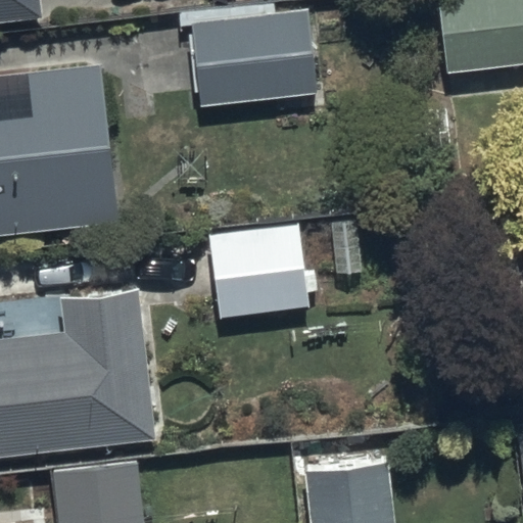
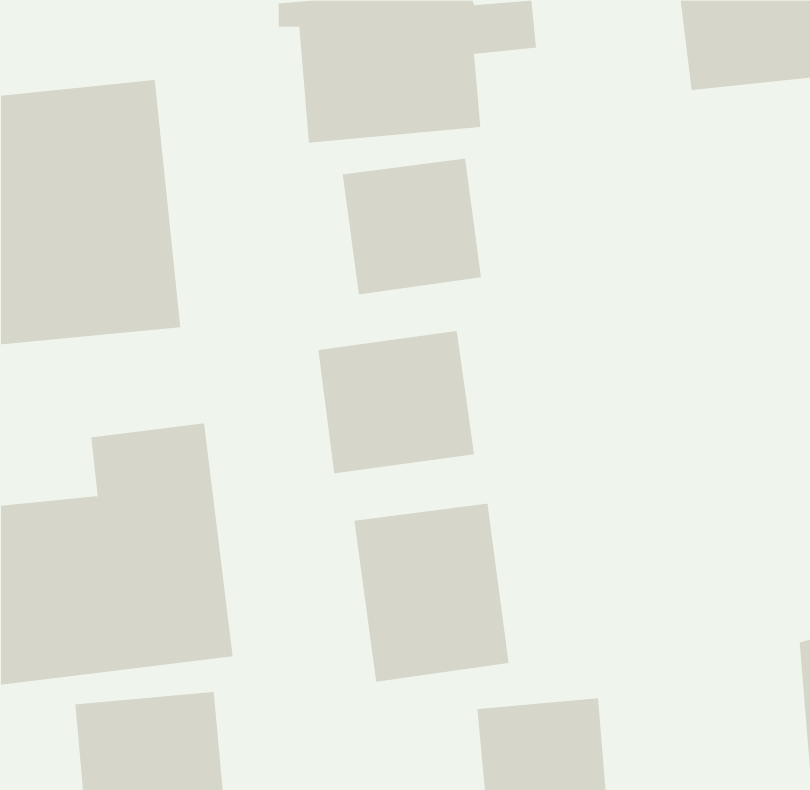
building: none -> [342,158,481,295]
building: none -> [354,503,509,683]

